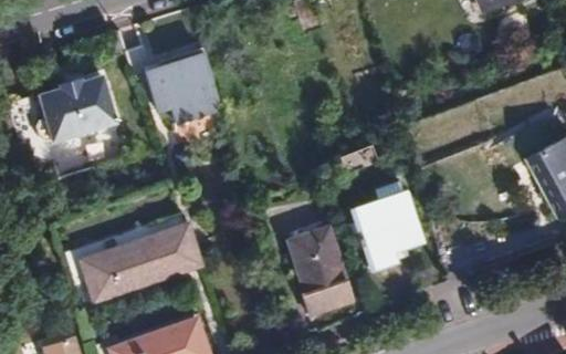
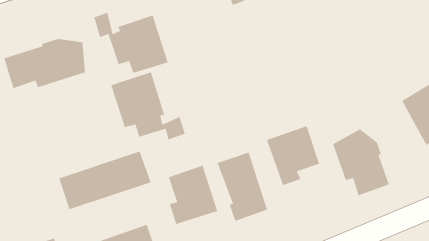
building: none -> [110,72,185,140]
building: none -> [332,128,390,196]
building: none -> [168,165,218,225]

